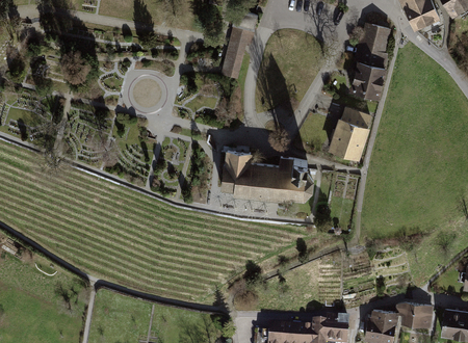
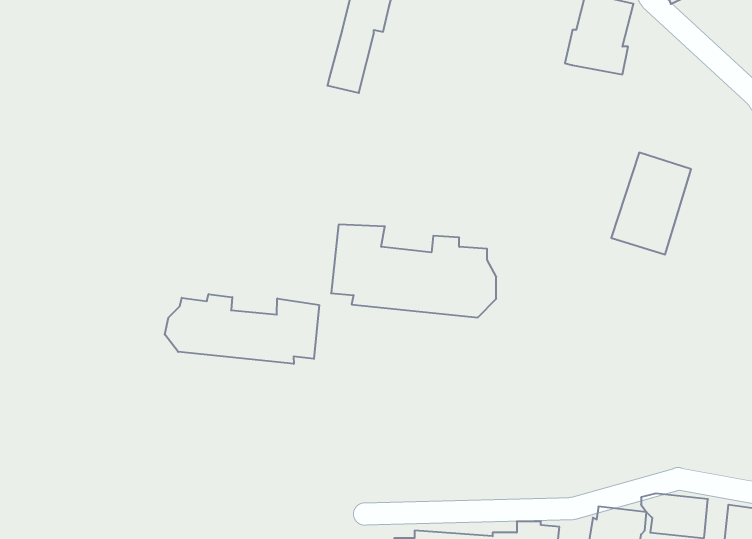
building: [348,61,387,100] -> none
building: [329,104,373,161] -> [611,153,691,255]
building: none -> [165,294,319,364]

